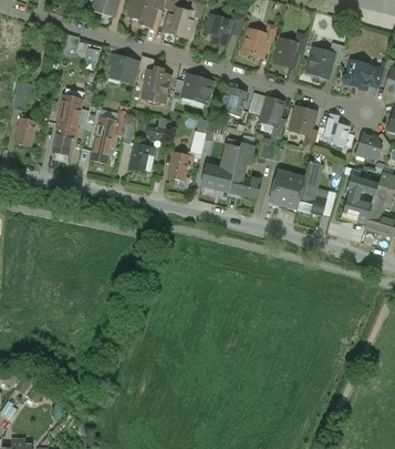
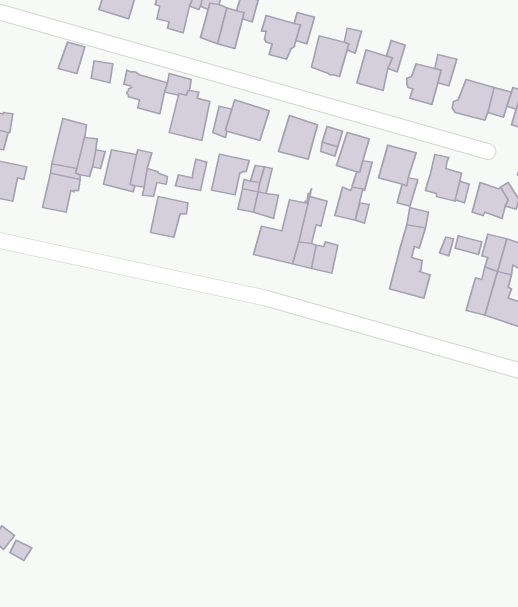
building: [89,134,115,164] -> none
building: [167,152,194,181] -> [212,154,249,195]
building: [269,171,304,208] -> none

